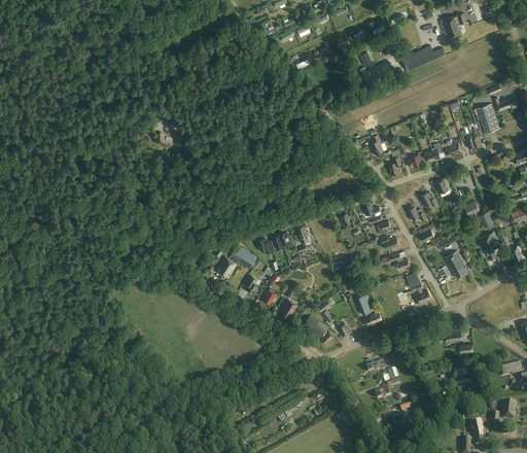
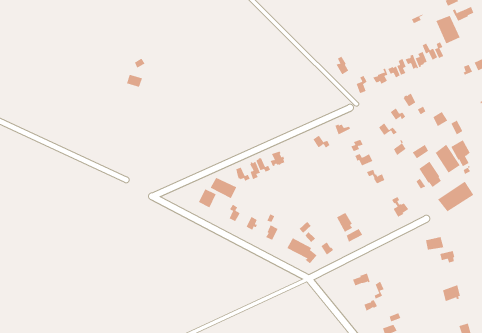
building: none -> [435,144,460,174]
building: none -> [437,181,474,212]

